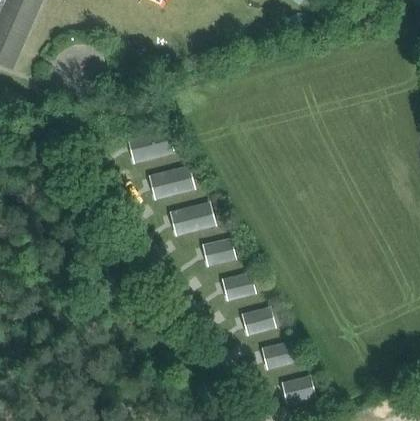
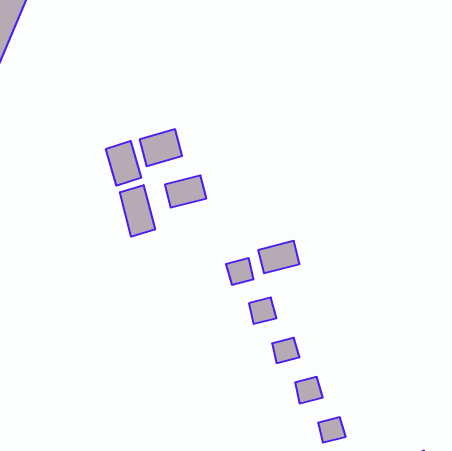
building: none -> [106,141,141,186]
building: none -> [120,185,155,237]
building: [175,204,211,232] -> [258,241,300,273]

